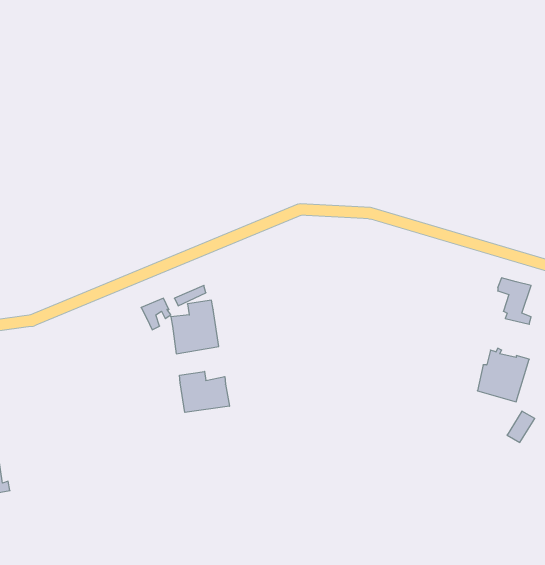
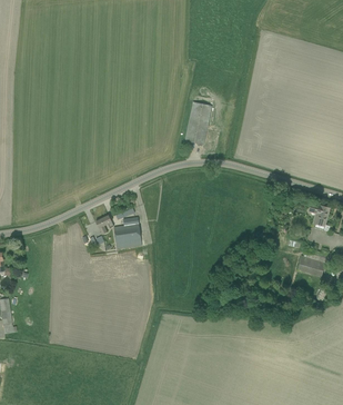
building: none -> [184,101,212,144]
building: [180,371,229,412] -> none

